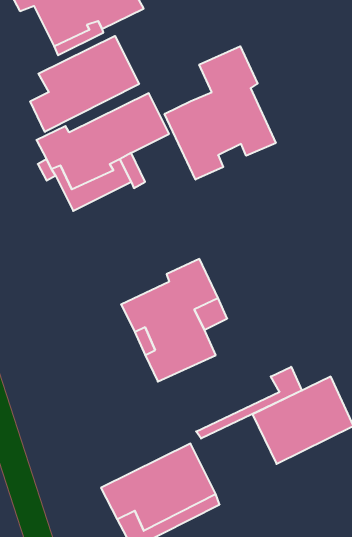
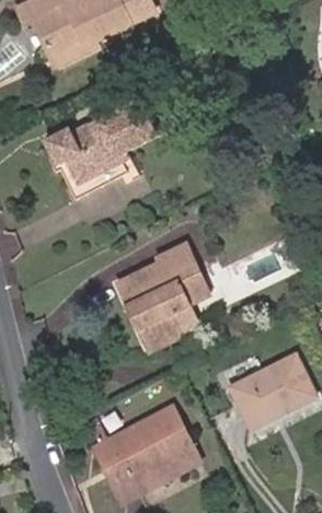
building: [30,36,139,132] -> none
building: [165,46,276,180] -> none
building: [196,367,302,439] -> none

